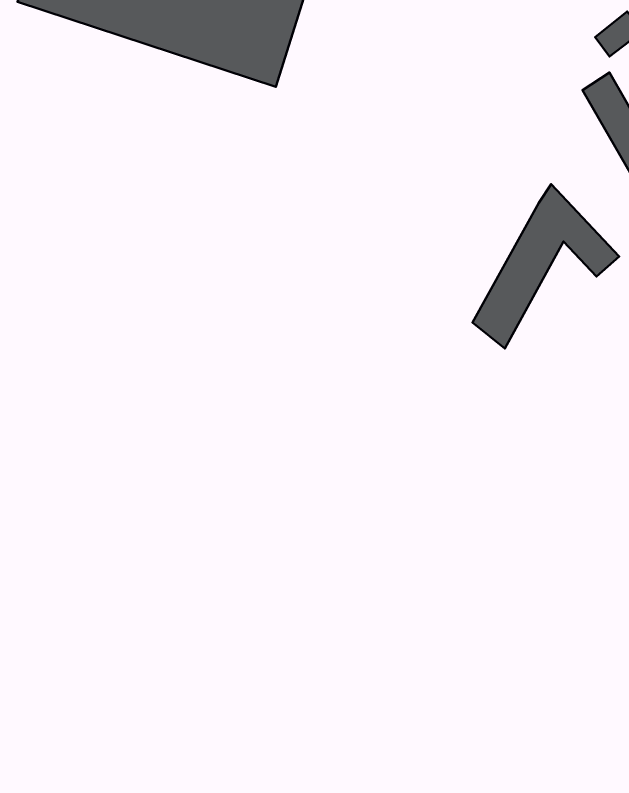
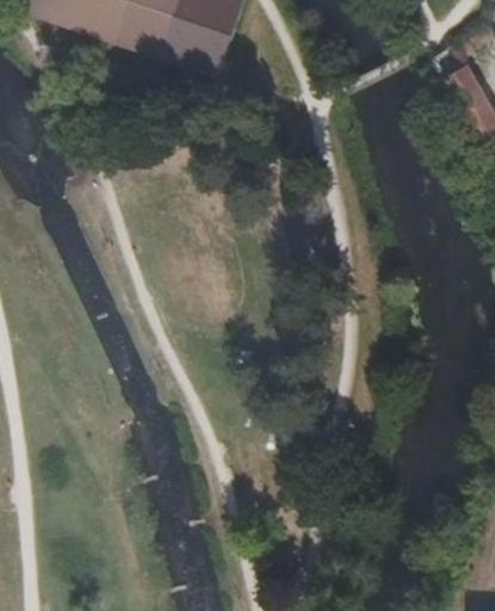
building: [473,184,619,349] -> none

